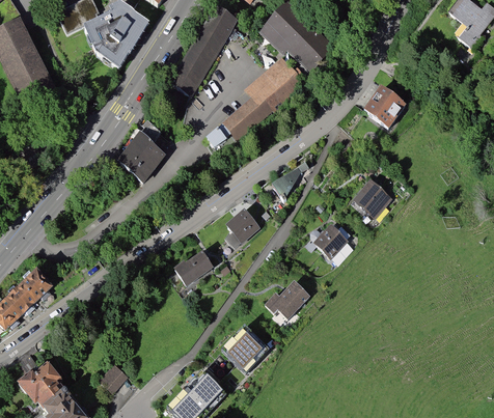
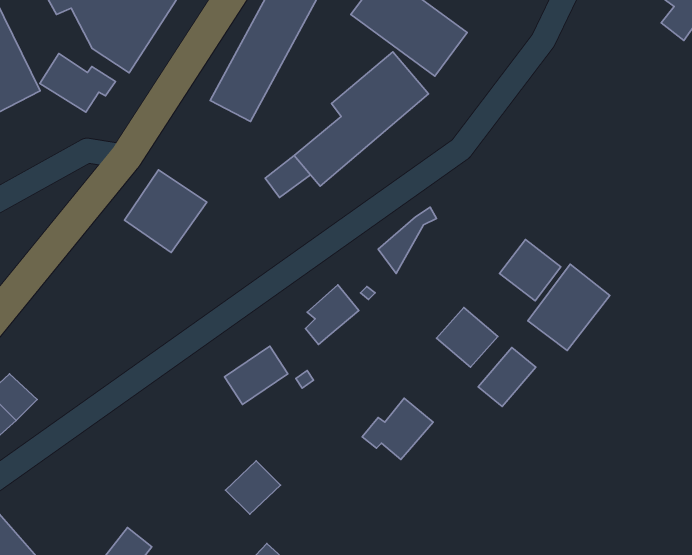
building: none -> [40,53,115,112]
building: [366,82,408,126] -> none
building: none -> [528,264,610,351]
building: none -> [478,348,536,406]
building: [236,332,271,366] -> [226,461,280,514]

